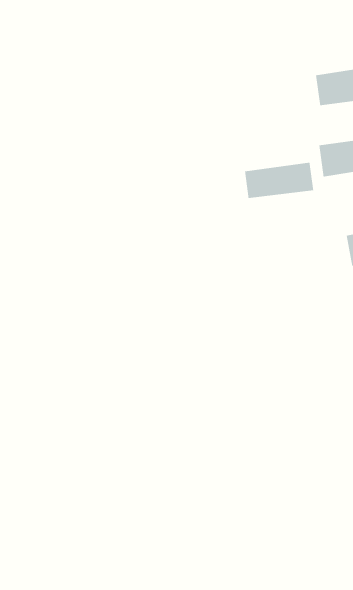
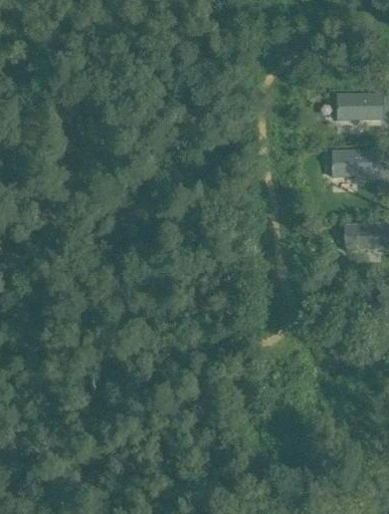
building: [244,162,314,199] -> none

